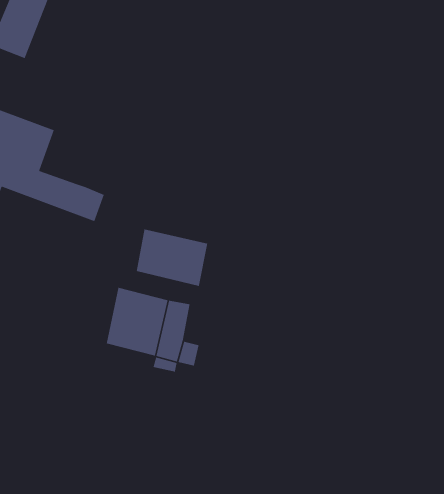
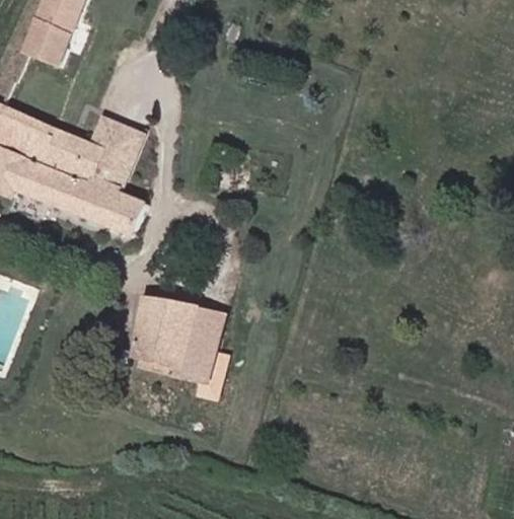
building: none -> [72,118,141,197]
building: [136,229,208,287] -> none

